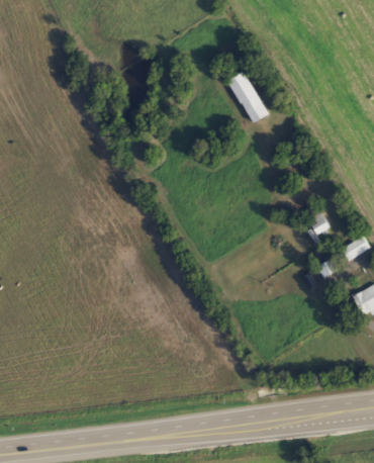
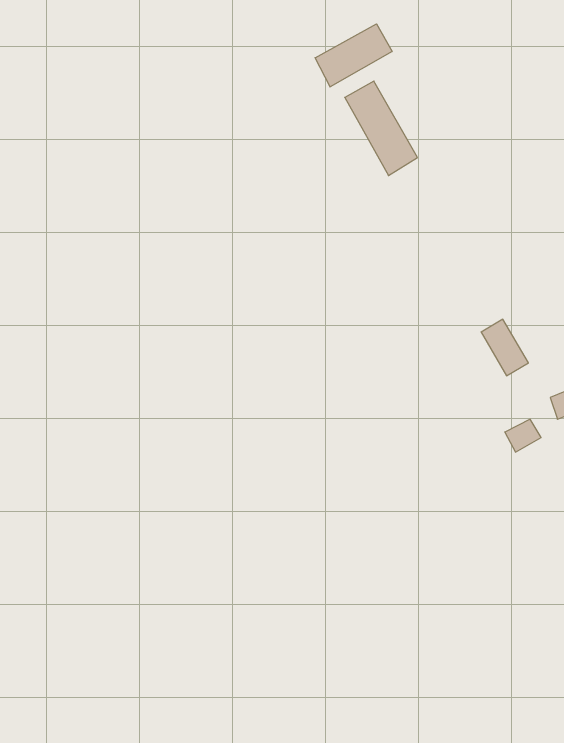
building: none -> [315,24,392,87]

